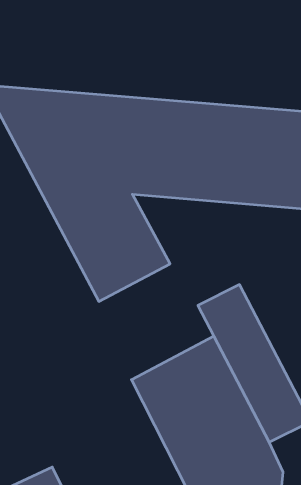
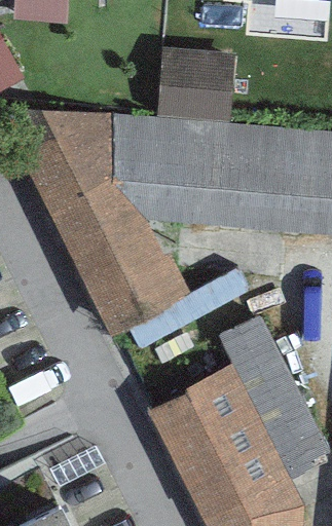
building: none -> [156,50,234,123]

